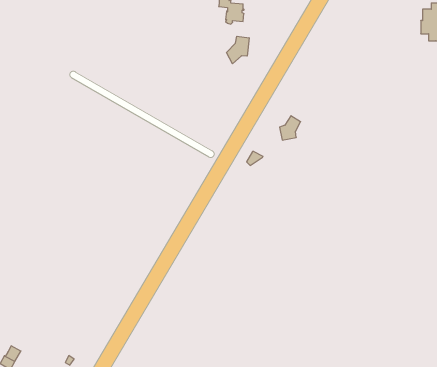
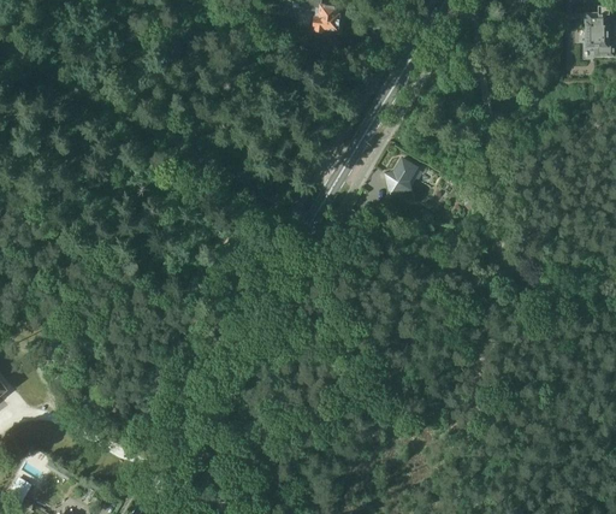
building: [227,36,249,64] -> none

